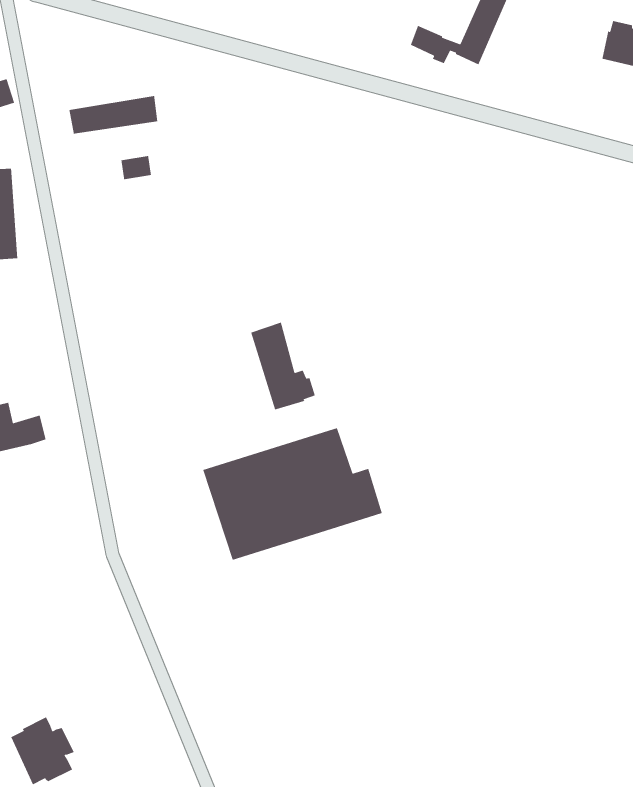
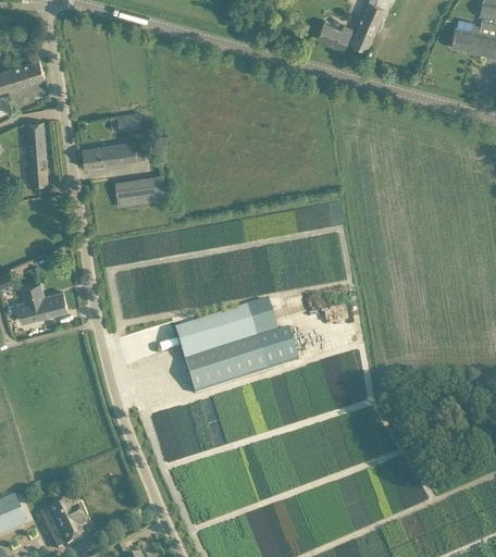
building: [68,95,158,135] -> [83,139,145,166]
building: none -> [116,173,168,206]
building: [250,322,316,410] -> none

